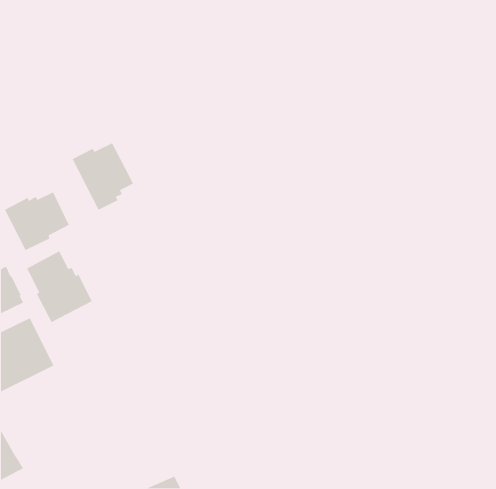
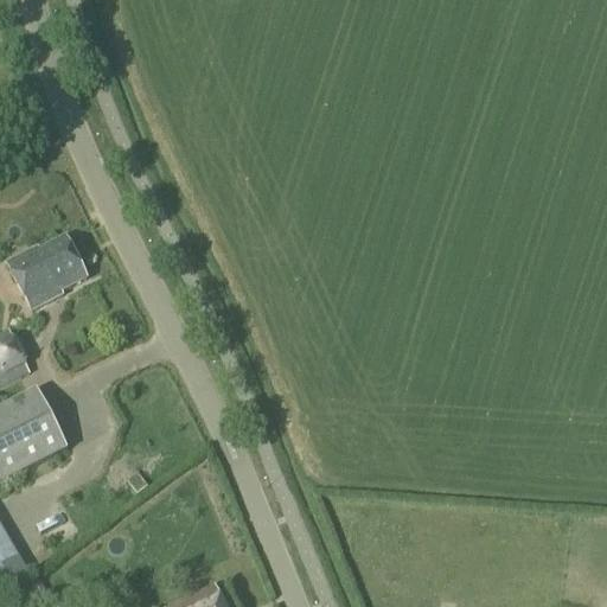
building: [72,142,134,211] -> none
building: [26,250,93,323] -> none

